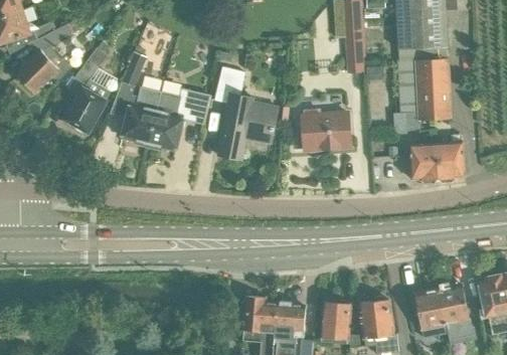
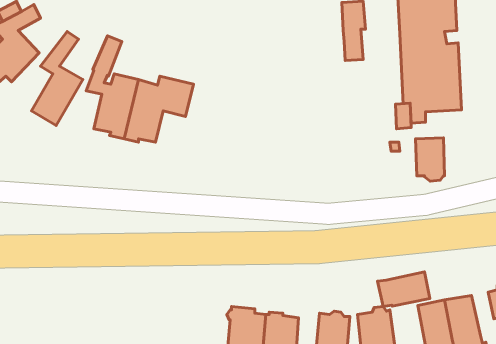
building: [213,66,279,160] -> none
building: [300,108,350,150] -> none
building: [436,142,462,181] -> none
building: none -> [378,272,430,307]

